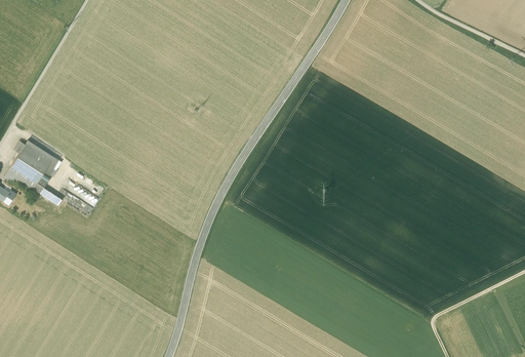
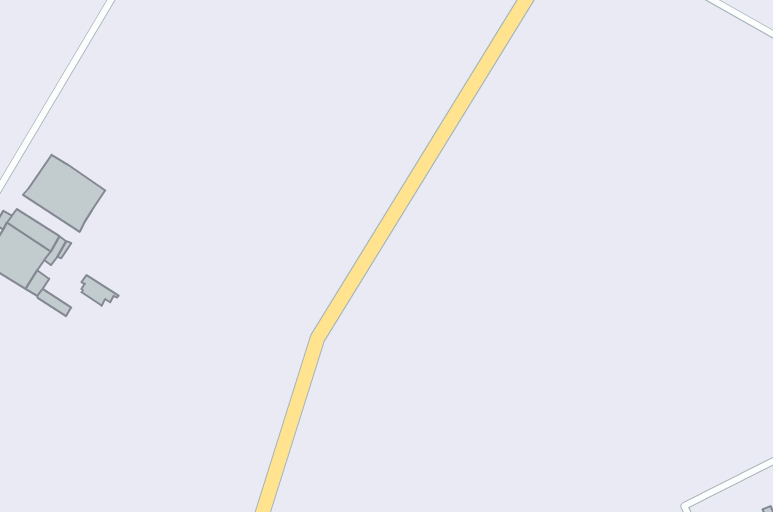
building: none -> [23,155,105,232]

